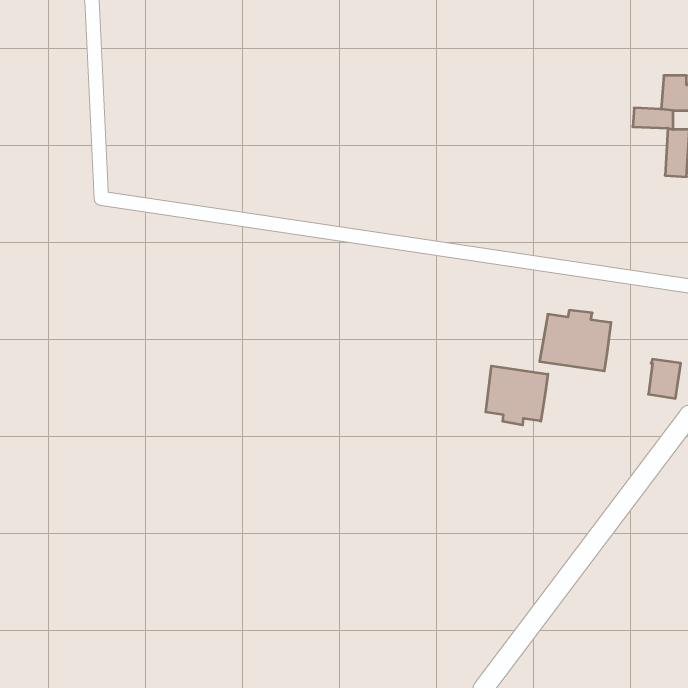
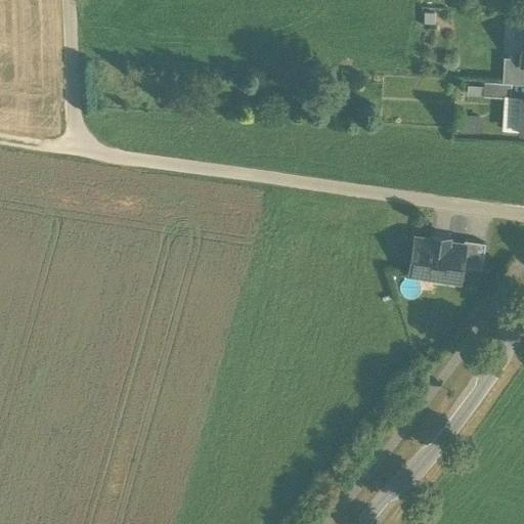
building: [648,359,681,398] -> [462,243,486,272]
building: [486,366,548,425] -> none

